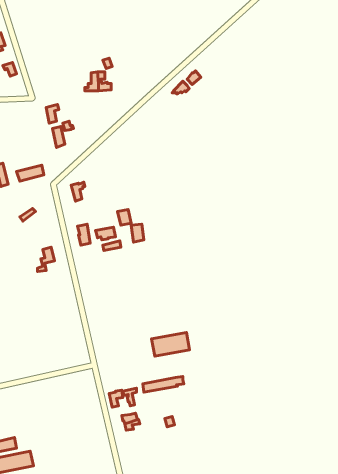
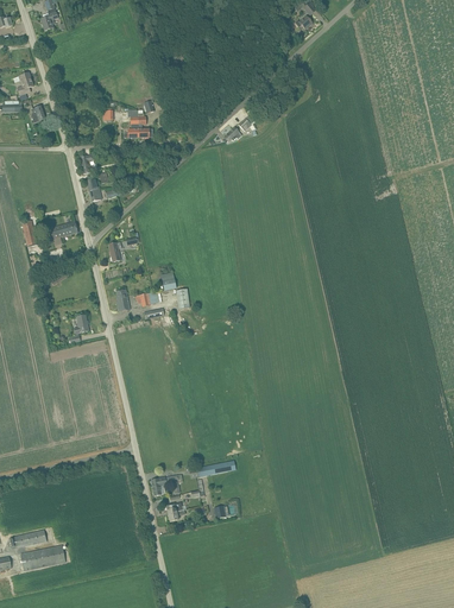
building: [152,332,189,356] -> none

